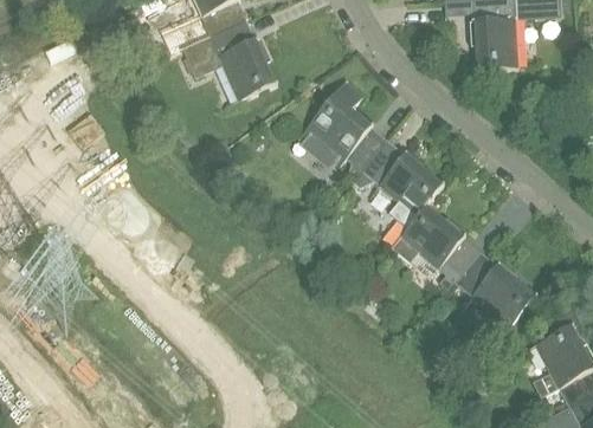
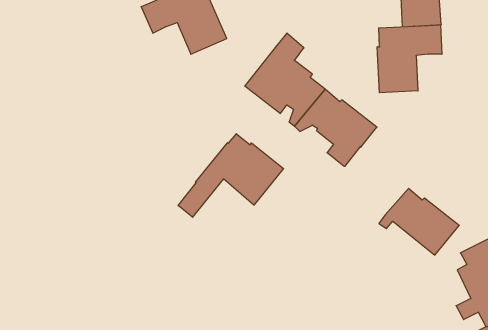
building: none -> [377,25,442,93]
building: none -> [178,134,284,217]
building: [393,205,482,291] -> none

